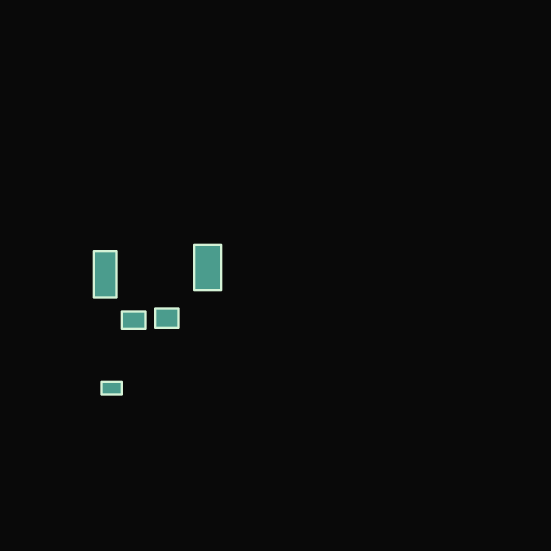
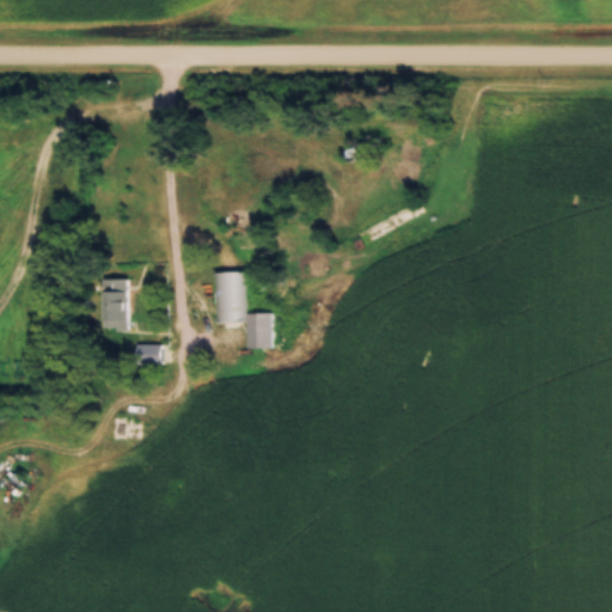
building: none -> [247,313,273,349]
building: [155,308,178,328] -> none

